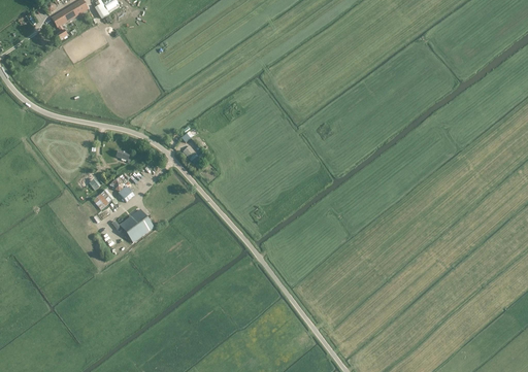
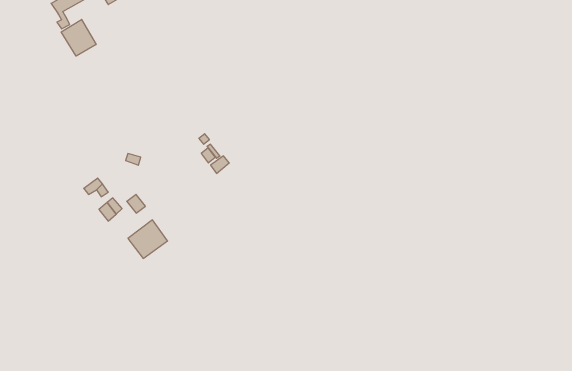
building: none -> [61,19,96,56]

